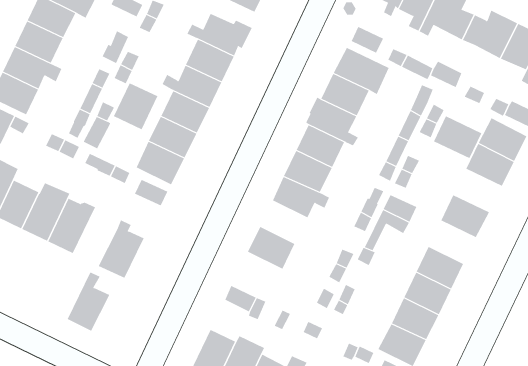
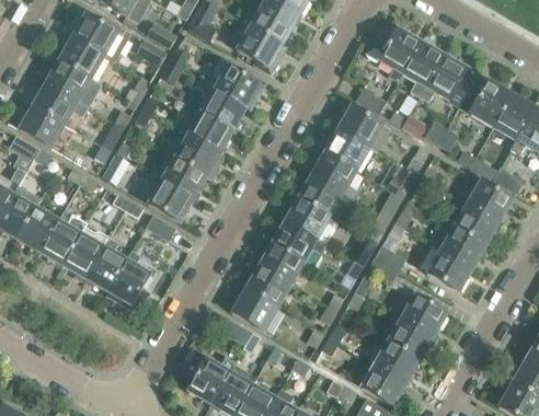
building: [113,82,158,130] -> none
building: [433,116,482,159] -> [440,227,486,268]
building: none -> [260,243,305,285]
building: none -> [232,289,278,331]
building: [67,271,110,332] -> [85,236,127,292]

